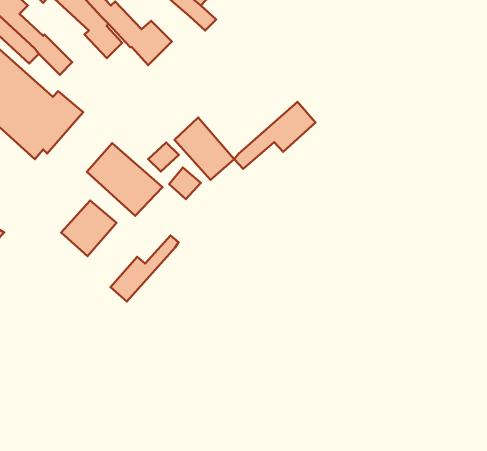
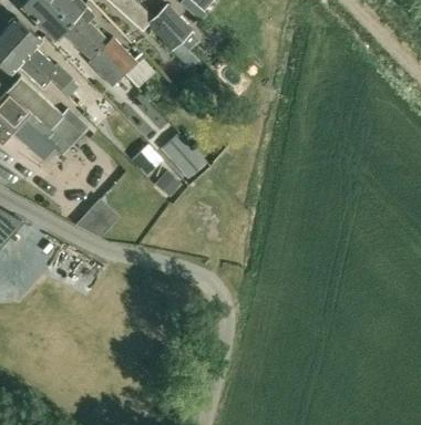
building: [234,102,316,169] -> none
building: [87,143,162,216] -> none
building: [110,236,179,302] -> none

